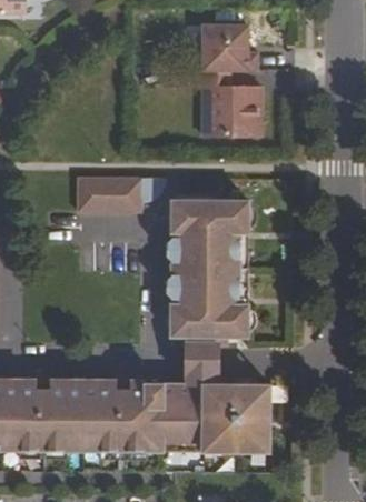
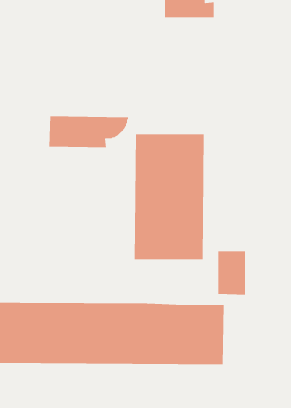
building: [197,69,261,137] -> none
building: [186,335,217,384] -> [218,251,246,295]

